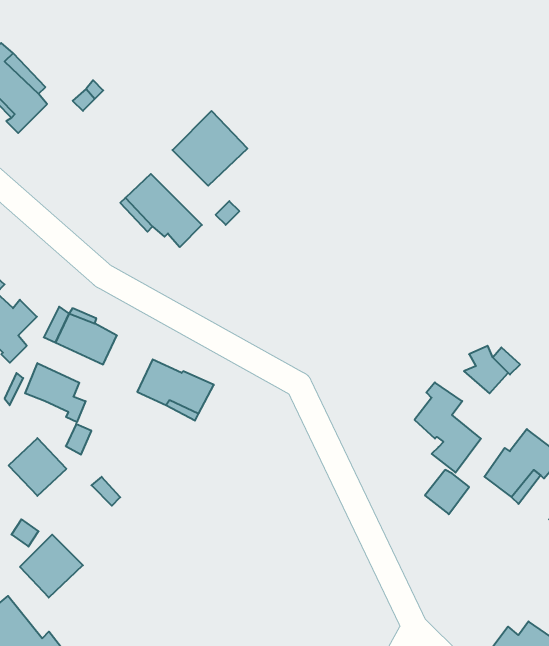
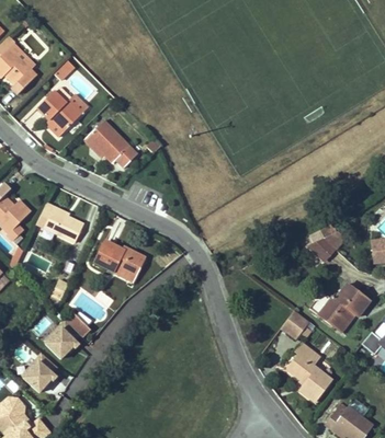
building: [172,111,247,186] -> none
building: none -> [36,91,84,136]
building: [25,363,86,422] -> none
building: [415,382,481,473] -> [288,344,331,402]
building: [9,438,66,496] -> [42,322,79,359]

